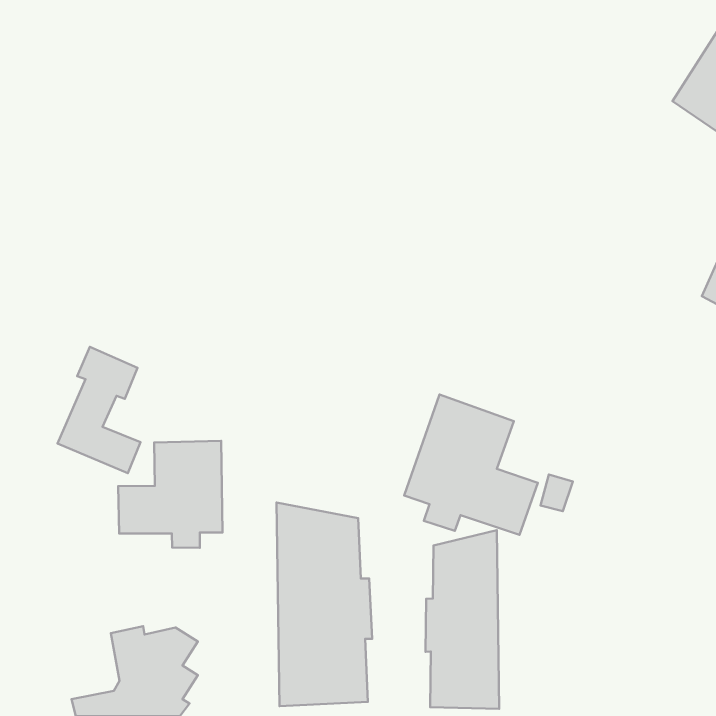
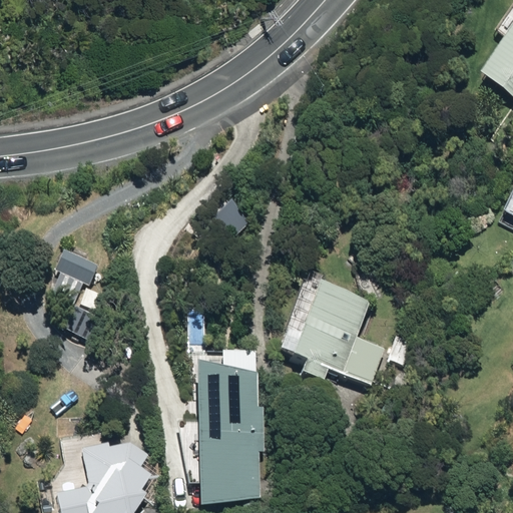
building: [118,441,222,548] -> none
building: [425,530,499,709] -> none

